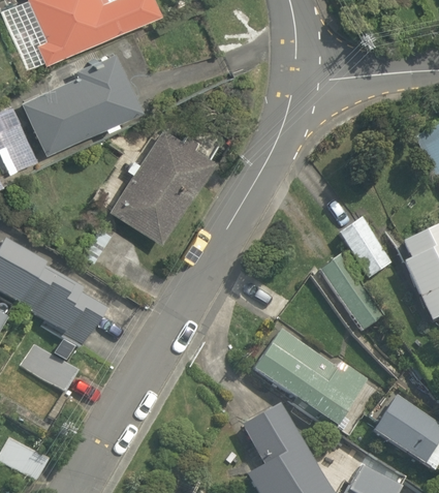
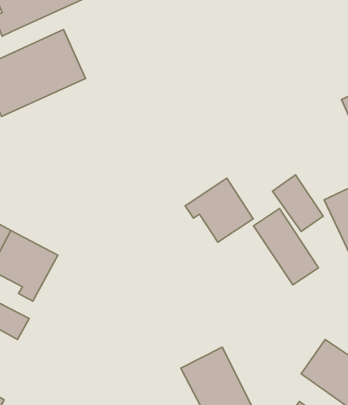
building: [116,131,214,242] -> none
building: none -> [185,178,253,242]
building: [250,325,373,432] -> none

